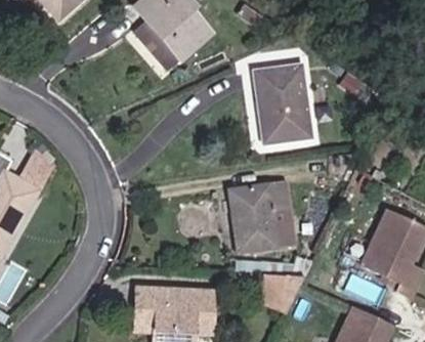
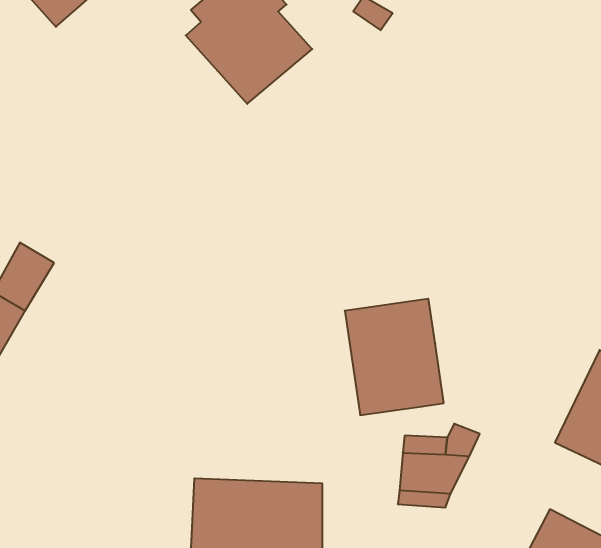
building: [253,62,312,143] -> none

